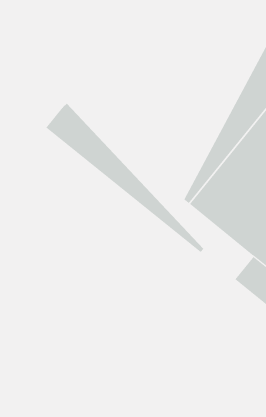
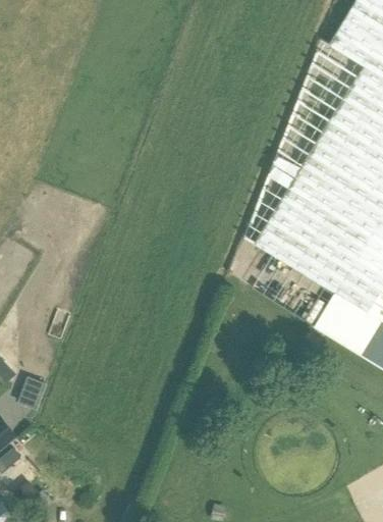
building: [46,103,204,253] -> none

